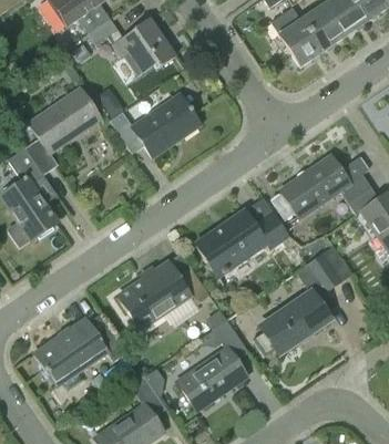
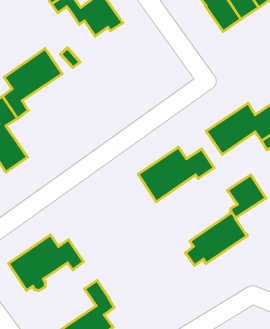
building: [108,93,199,157] -> none
building: [116,261,215,330] -> none
building: [176,318,248,410] -> none

